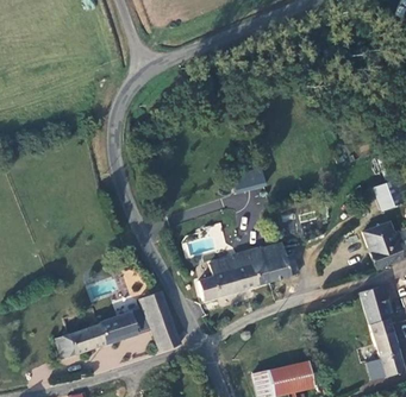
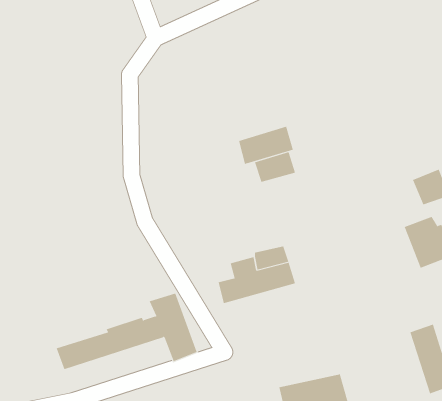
building: none -> [239,126,293,165]
building: [256,241,299,282] -> none
building: [358,286,388,324] -> none

